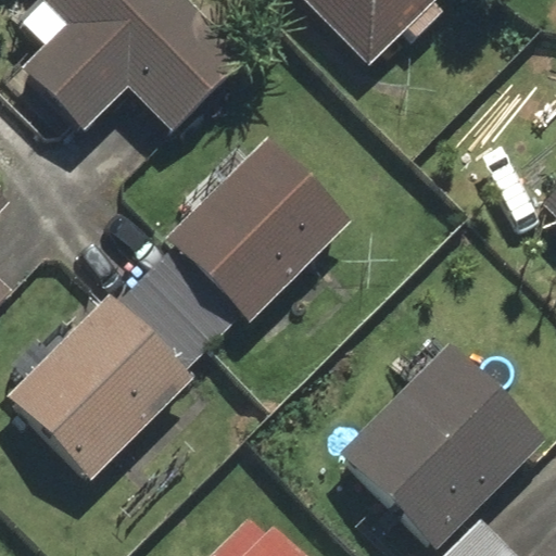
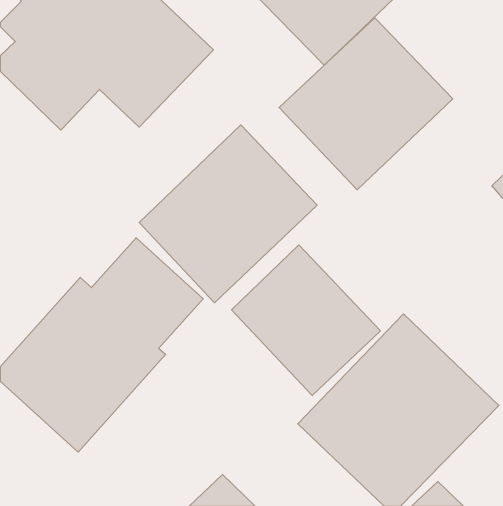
building: none -> [279,18,453,190]
building: none -> [232,245,380,396]

